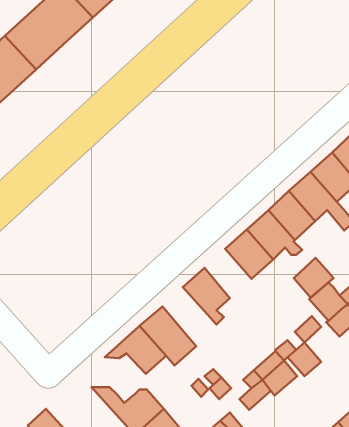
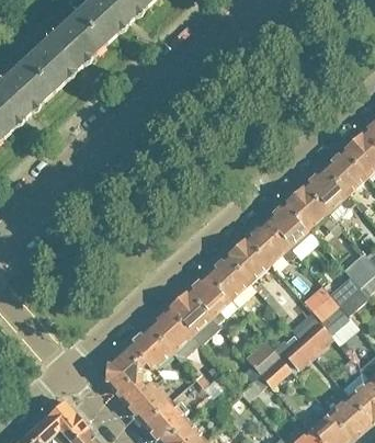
building: none -> [208,253,251,298]
building: [294,258,333,298] -> [299,320,336,356]
building: none -> [170,288,220,343]
building: none -> [101,349,155,394]

